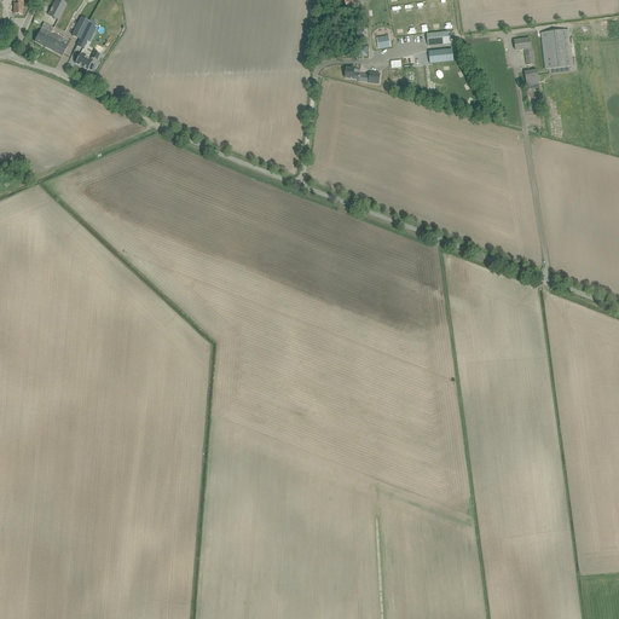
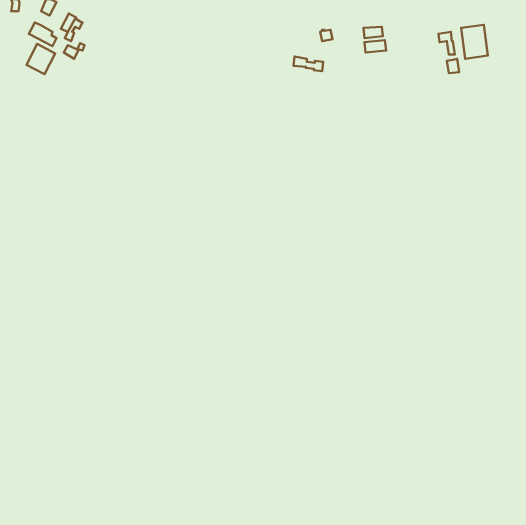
building: none -> [26,44,55,74]

